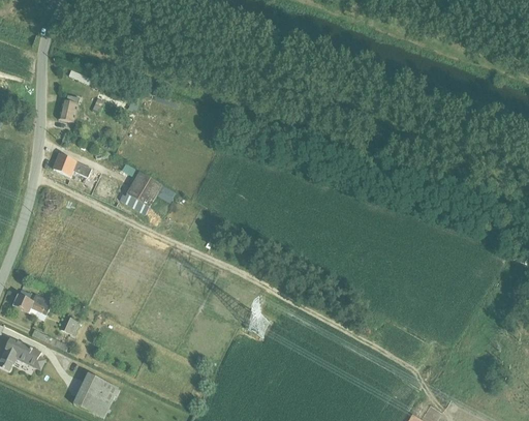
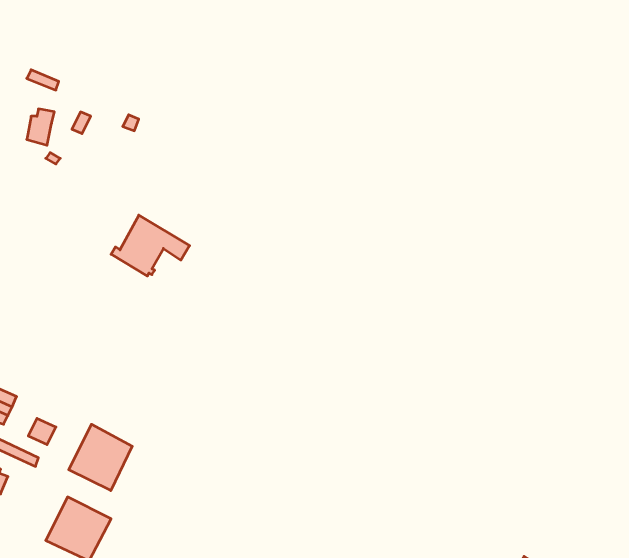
building: [52,152,90,175] -> none
building: none -> [69,424,132,491]

